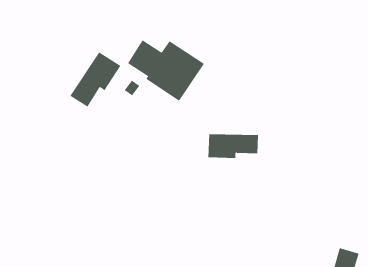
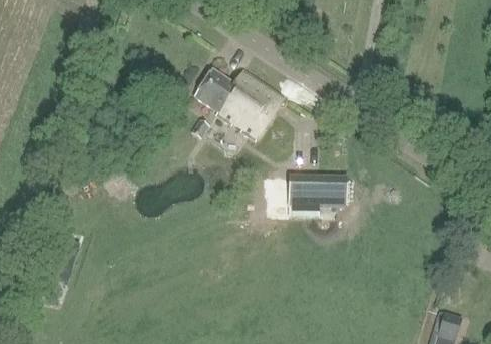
building: [69,51,121,107] -> none

